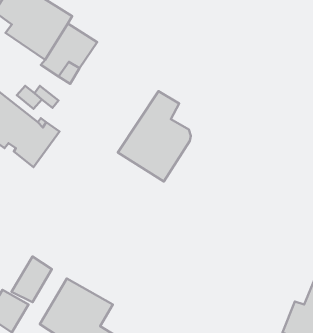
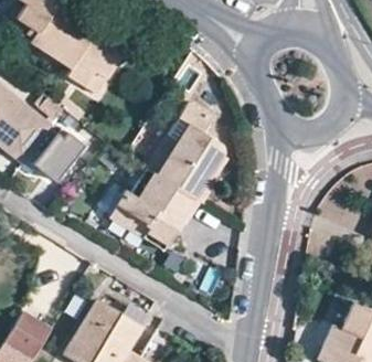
building: none -> [109,168,195,251]
building: [11,256,52,302] -> none

